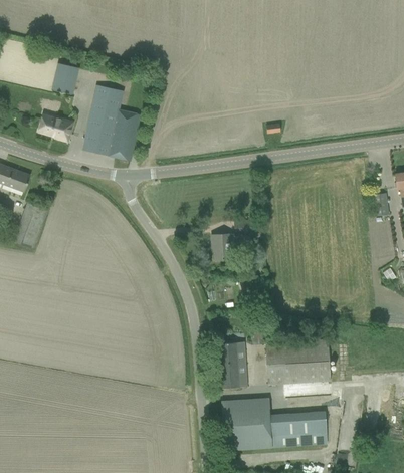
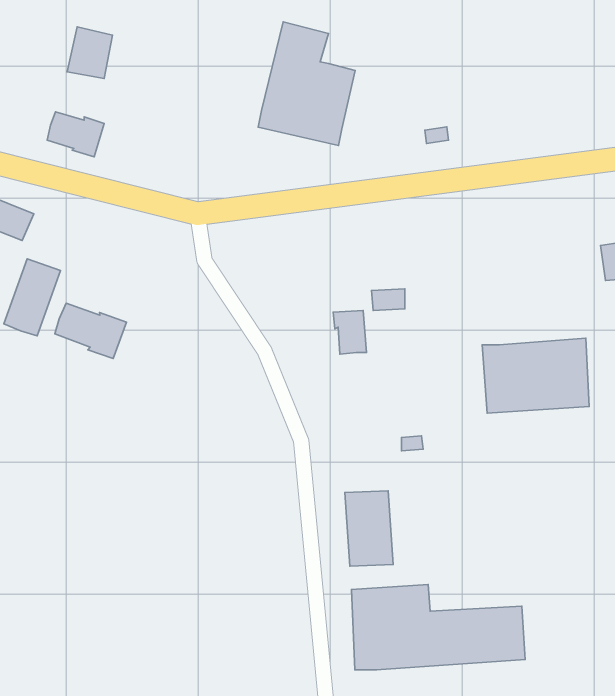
building: [82,85,141,160] -> [258,22,355,145]
building: none -> [55,303,127,359]
building: [265,338,330,384] -> [482,338,589,413]

